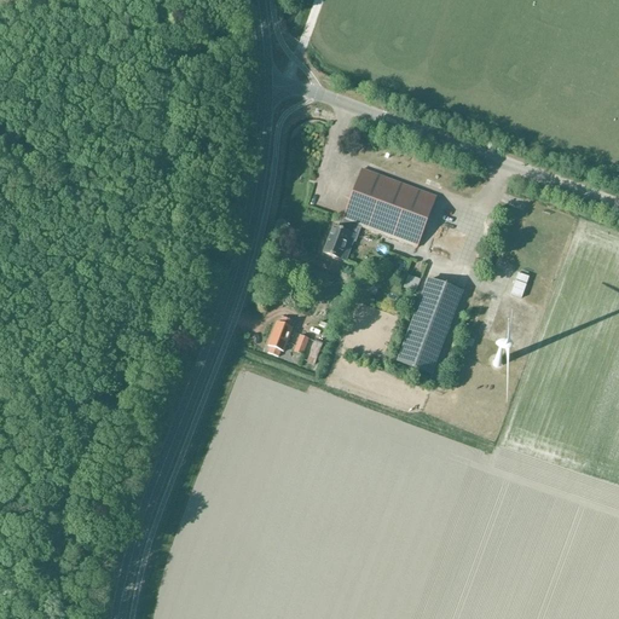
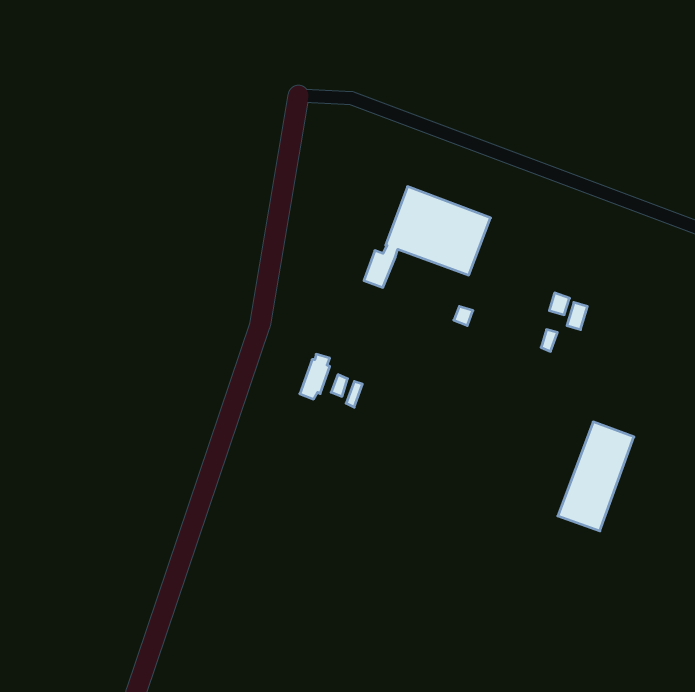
building: [397,276,464,372] -> [558,422,634,531]

